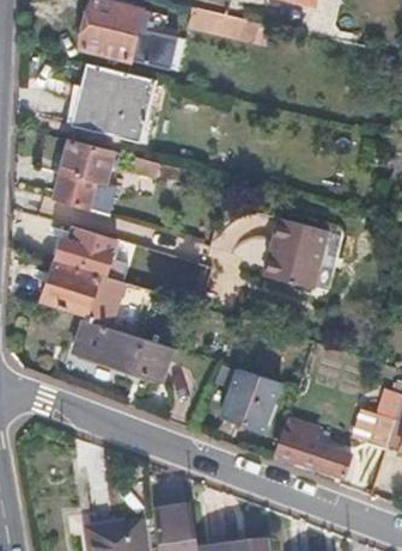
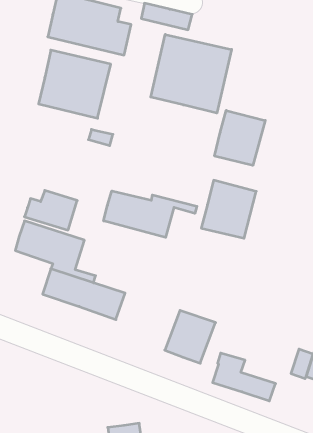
building: none -> [151,34,232,113]
building: none -> [215,110,265,165]
building: [54,141,121,213] -> none
building: none -> [104,191,197,237]

